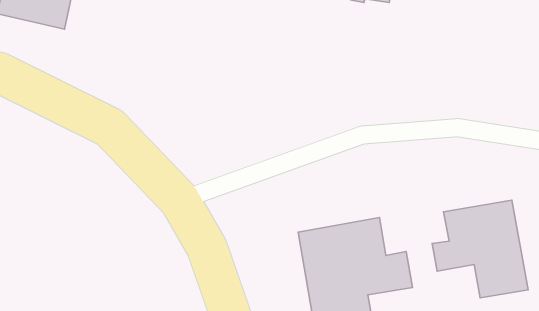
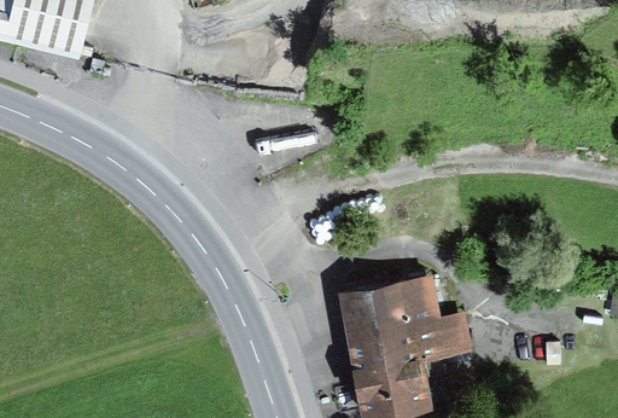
building: [432,200,528,298] -> none

